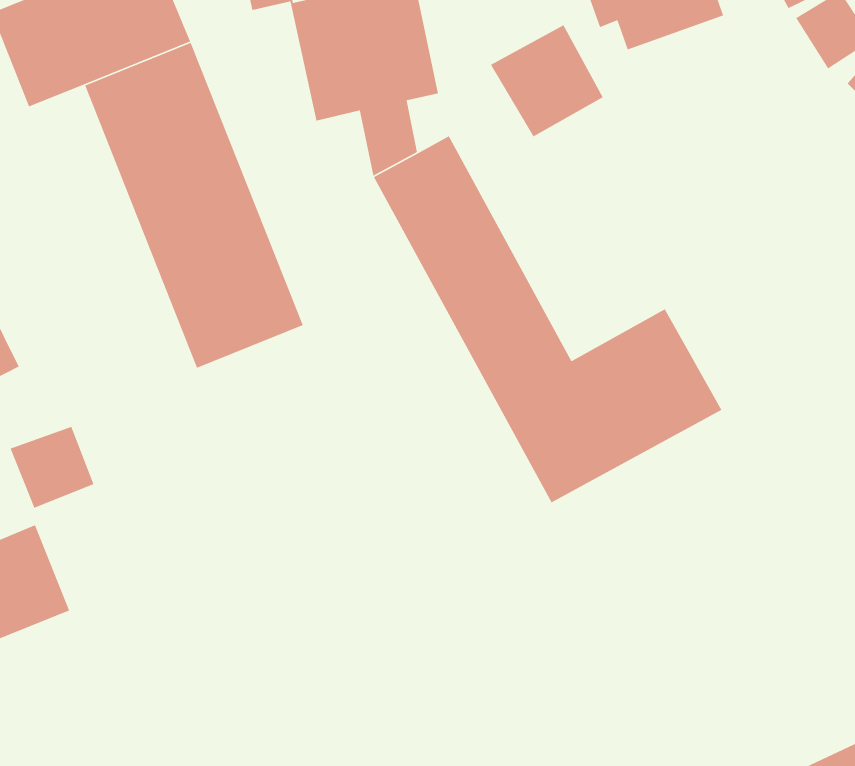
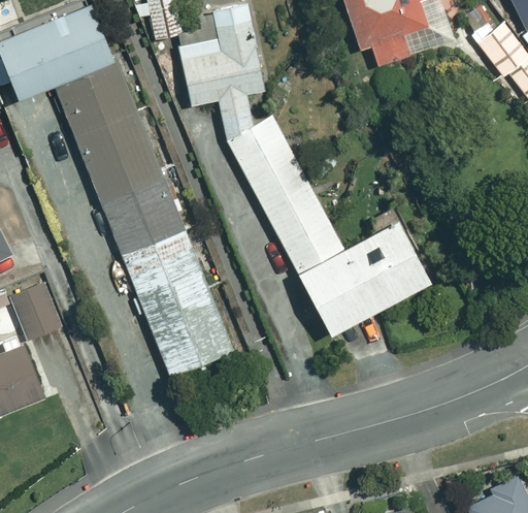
building: [490,24,604,138] -> none
building: none -> [121,228,234,377]

